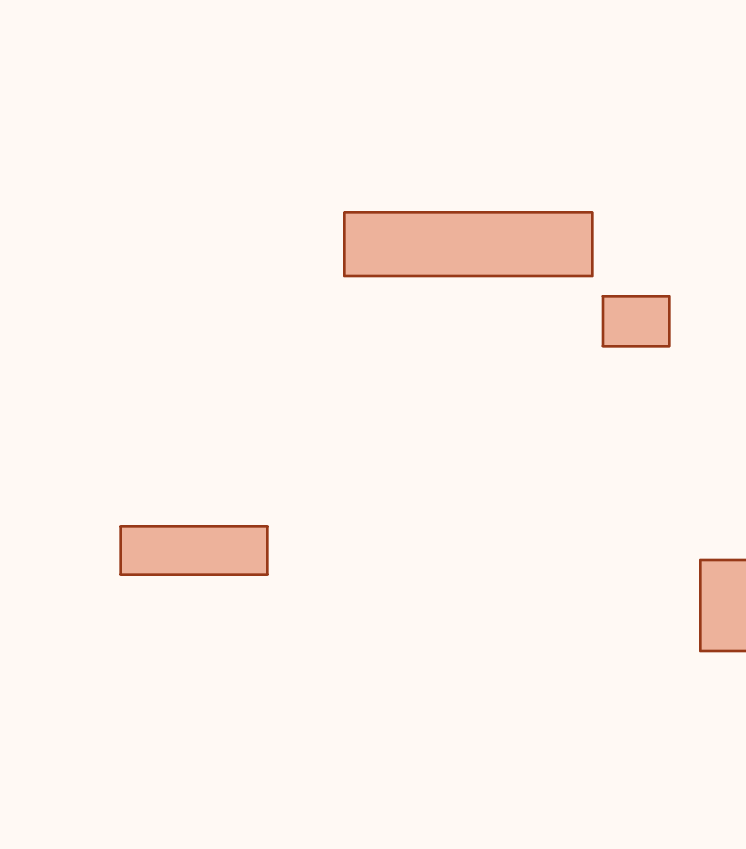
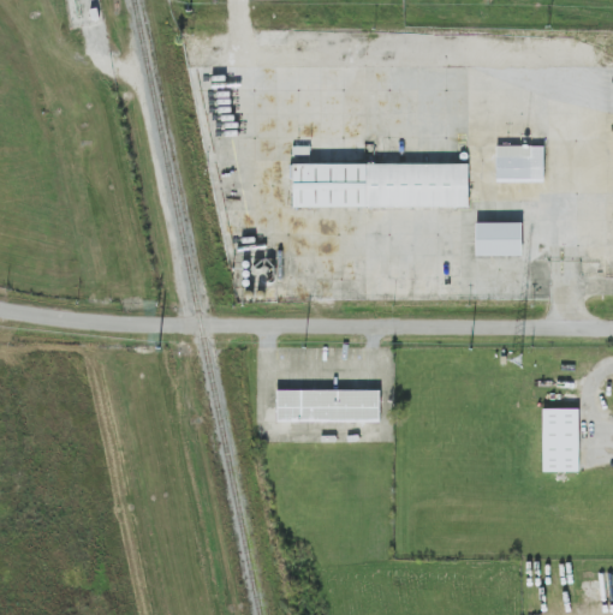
building: none -> [495,145,542,181]
building: [120,527,268,574] -> [275,388,379,422]

